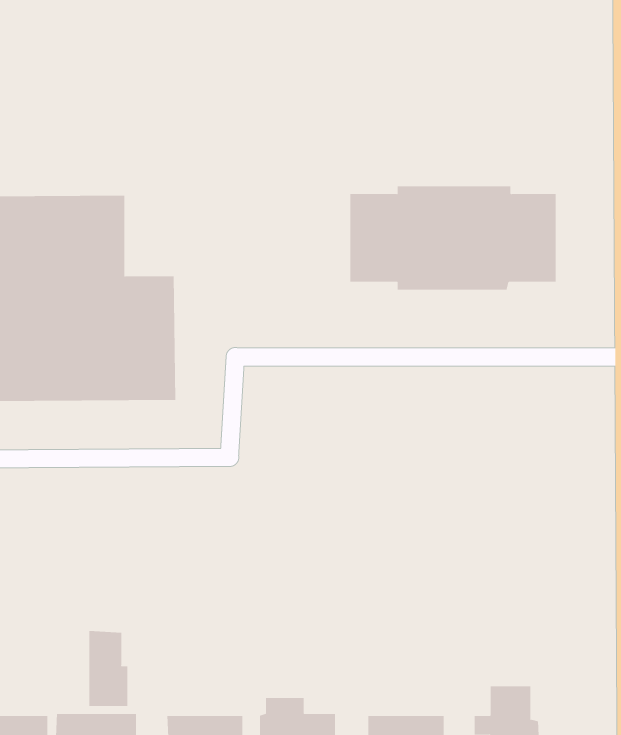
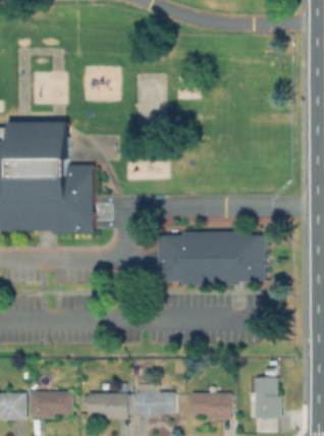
building: [350,186,557,290] -> [159,232,266,286]
building: [89,630,128,707] -> none

